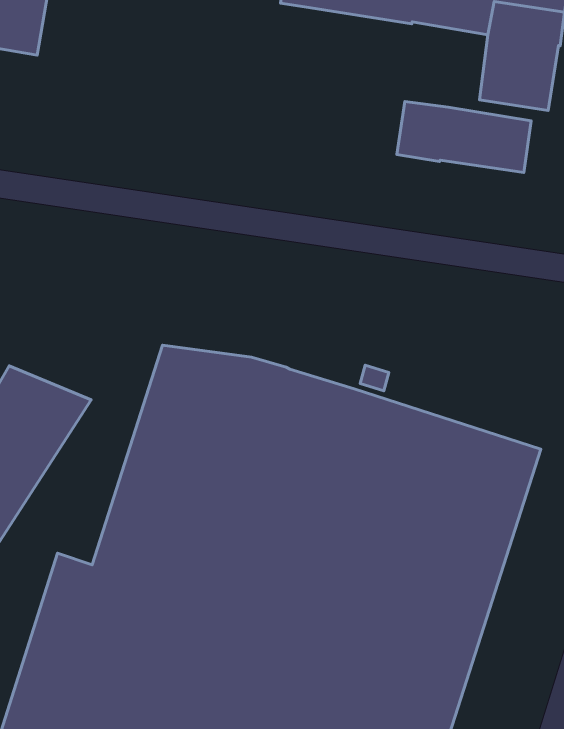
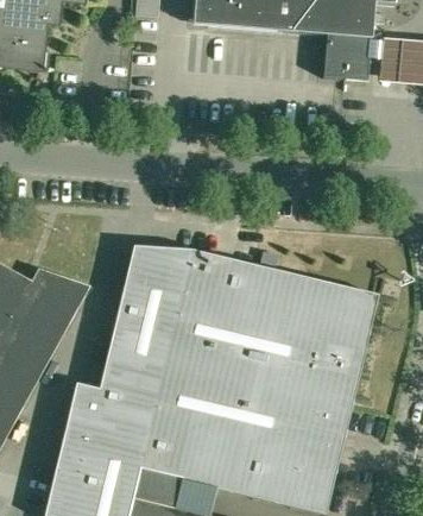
building: [397,101,531,172] -> none

